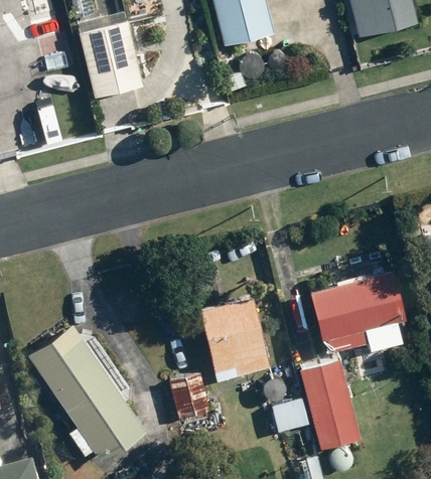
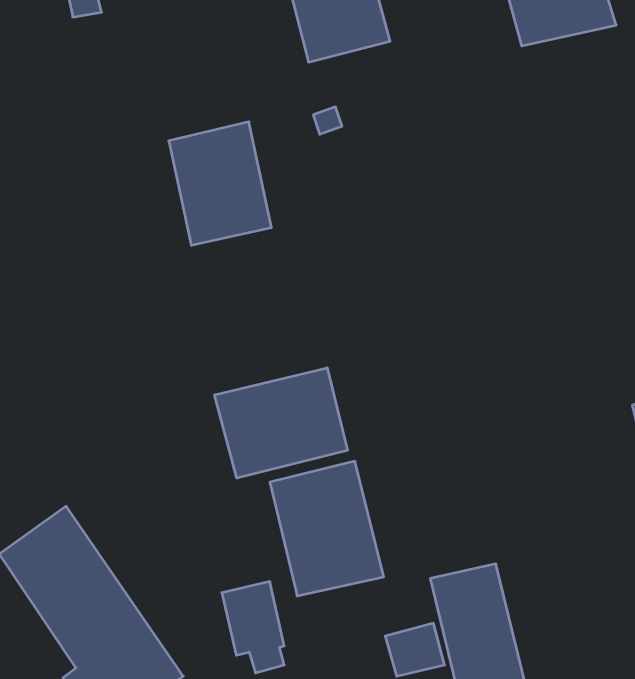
building: [79,19,143,97] -> [169,122,271,245]
building: none -> [215,368,347,478]
building: [310,270,405,351] -> none

